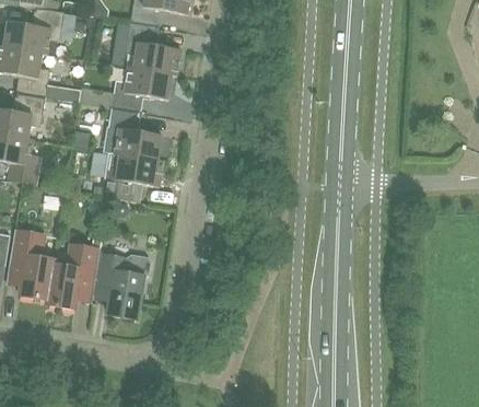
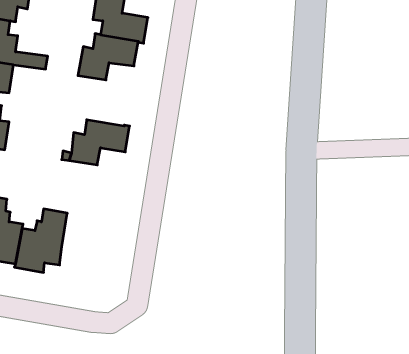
building: [106,108,162,160] -> none
building: [98,253,150,318] -> none

